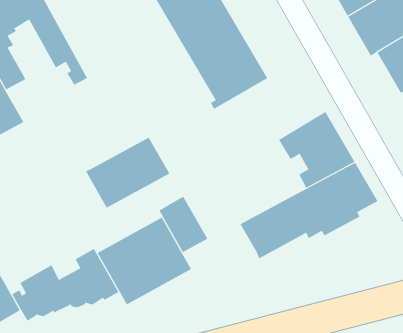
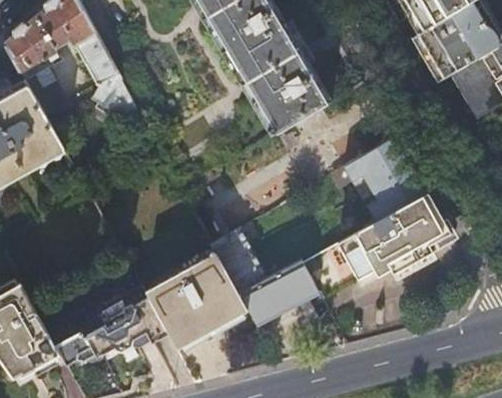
building: [85,137,170,209] -> none
building: none -> [237,261,318,327]

